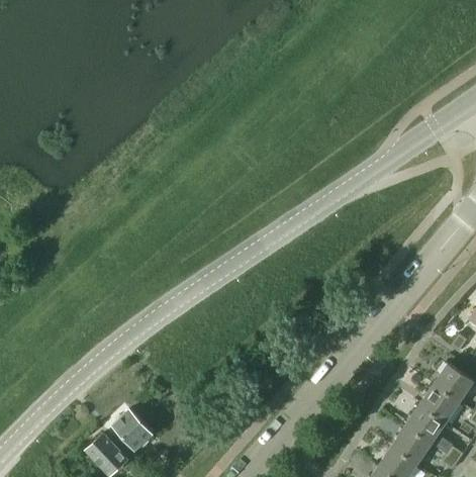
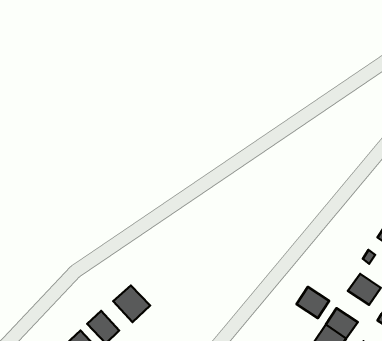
building: none -> [113,286,150,322]
building: [418,385,459,423] -> [296,287,329,318]

